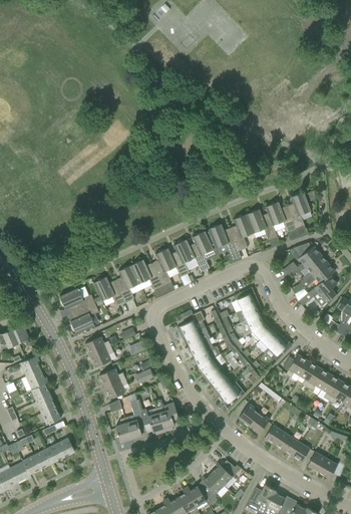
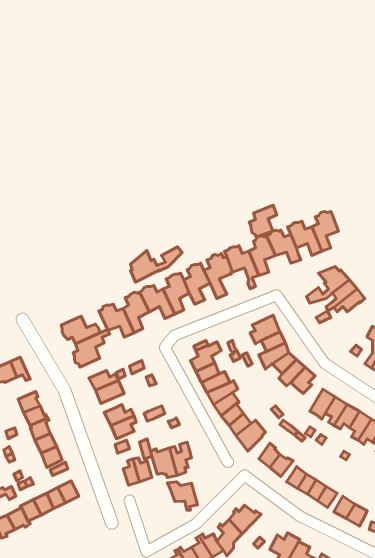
building: none -> [249,205,277,237]
building: none -> [130,247,182,282]
building: [298,275,337,306] -> none
building: none -> [168,482,197,510]

